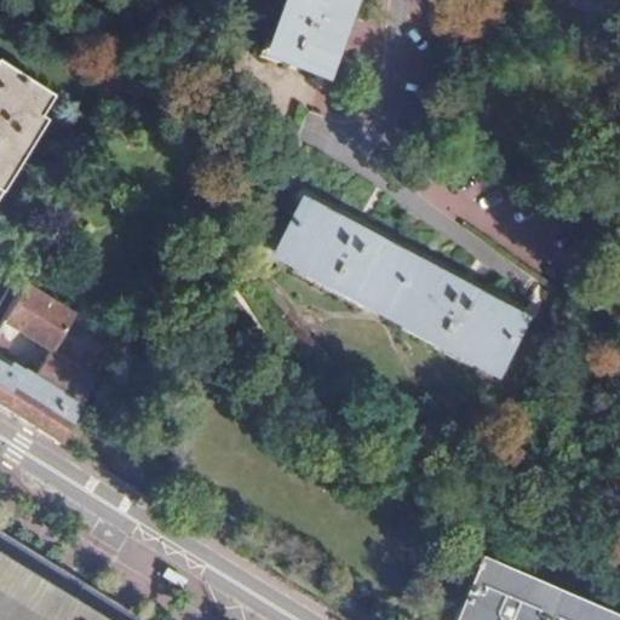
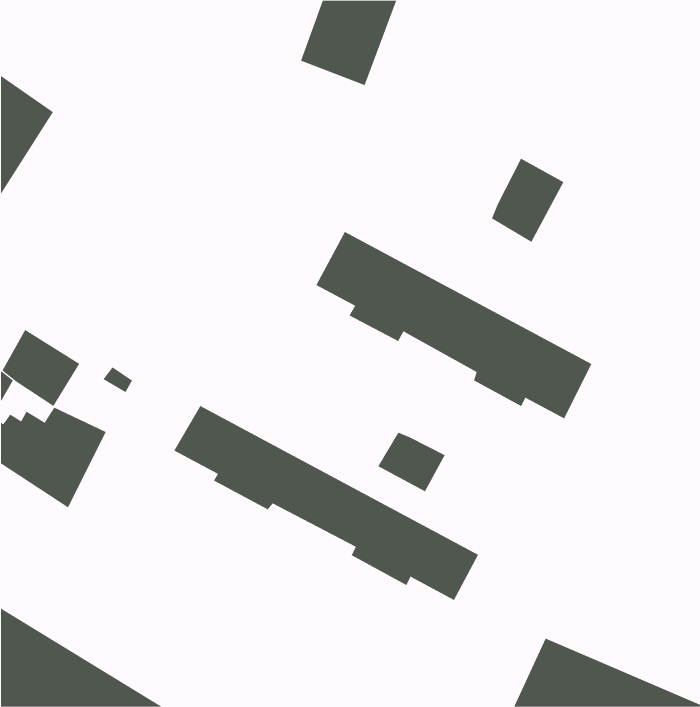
building: none -> [491,158,564,243]
building: none -> [174,405,479,601]
building: none -> [378,432,446,492]

